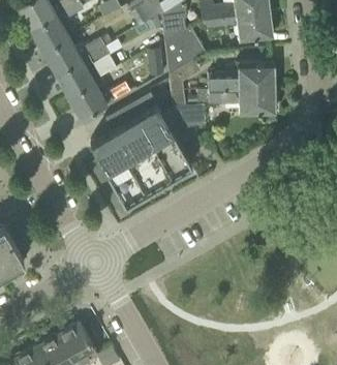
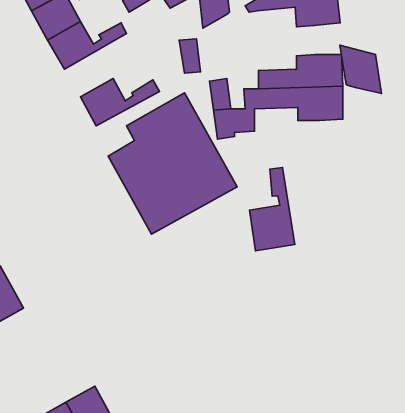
building: [164,33,194,73] -> none
building: [56,45,110,95] -> none
building: none -> [340,45,382,94]
building: none -> [250,167,295,251]

